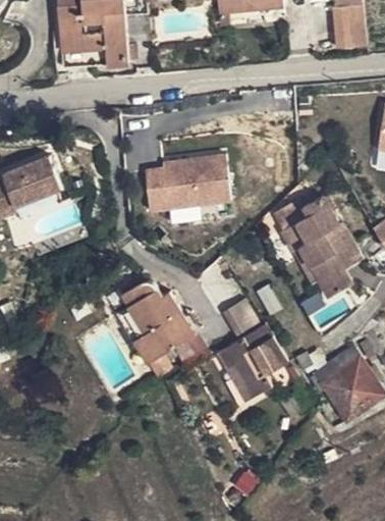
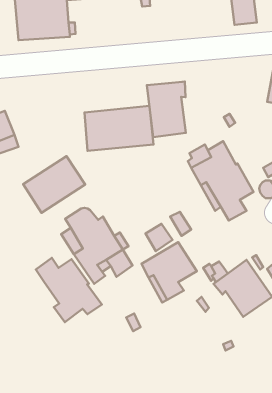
building: none -> [147,81,186,137]
building: none -> [23,156,85,213]
building: none -> [36,258,102,322]

